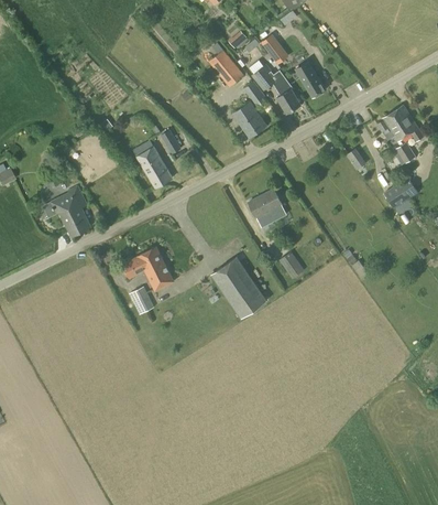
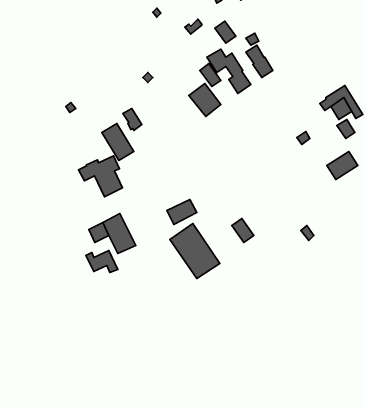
building: [208,50,244,87] -> none
building: [249,190,282,217] -> [167,200,197,225]
building: [42,191,90,236] -> [79,156,123,197]

